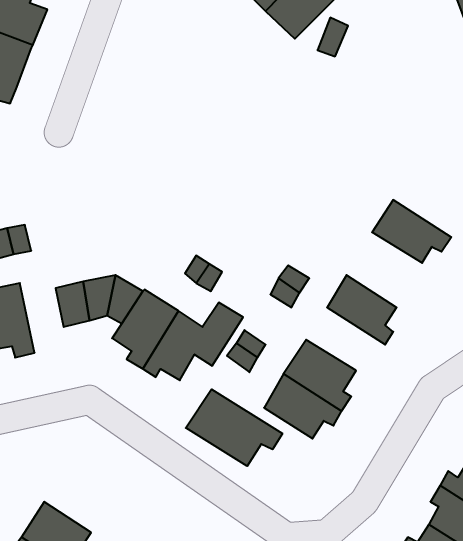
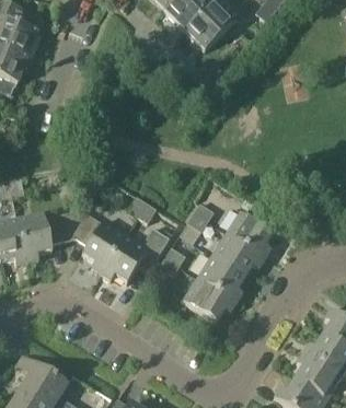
building: [372,200,451,263] -> [212,231,266,273]
building: none -> [19,210,50,261]
building: [186,389,282,466] -> none

